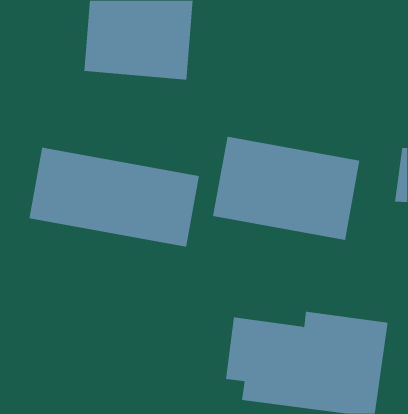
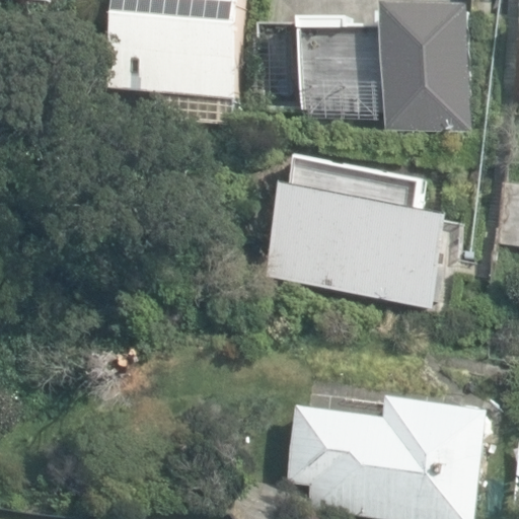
building: none -> [303,20,466,116]
building: [29,147,200,248] -> none

